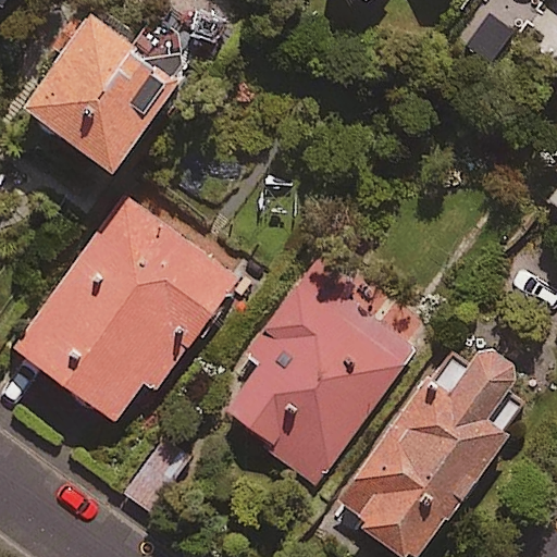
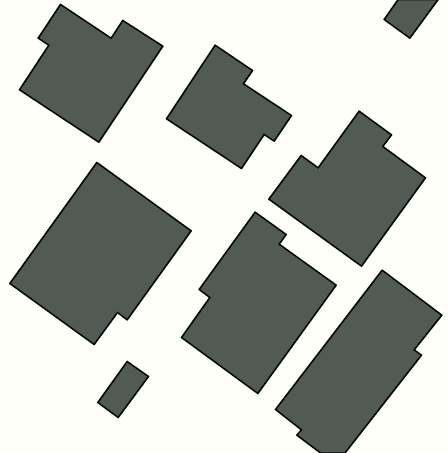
building: none -> [167,45,292,169]
building: none -> [269,111,426,266]

